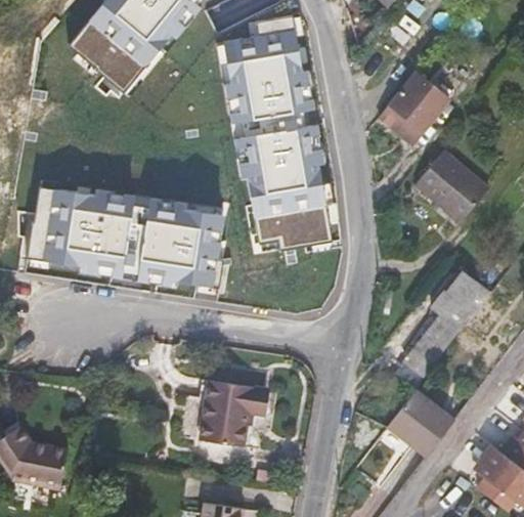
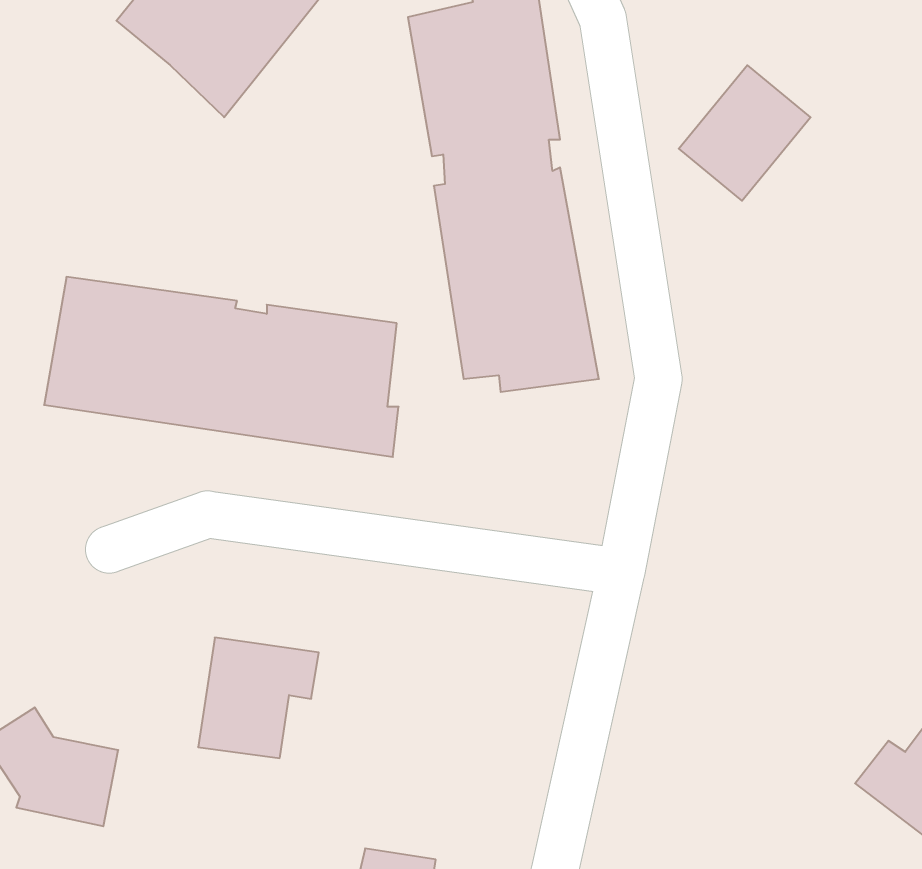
building: [413,149,488,222] -> none
building: [404,270,490,375] -> none
building: [199,380,265,446] -> [198,638,319,758]
building: [387,389,453,456] -> none

